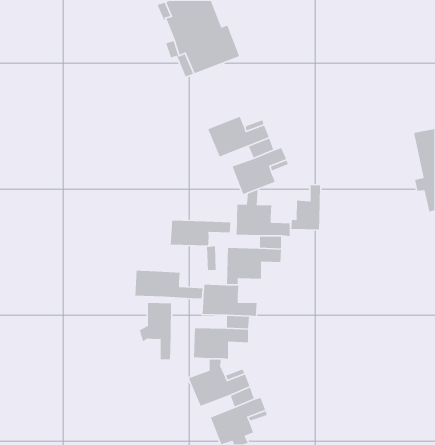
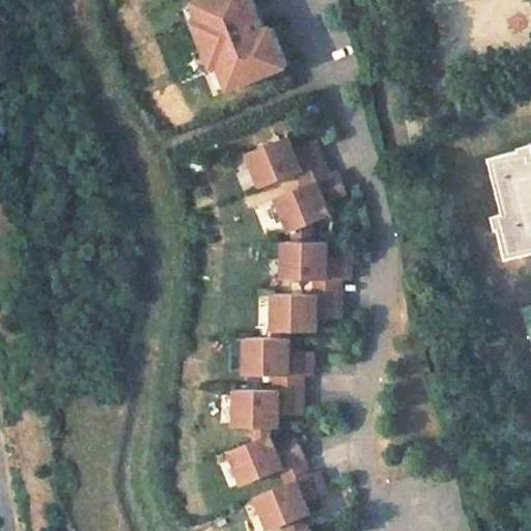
building: [291,185,321,230] -> none
building: [170,220,231,246] -> none
building: [135,270,203,299] -> none
building: [139,302,172,360] -> none

